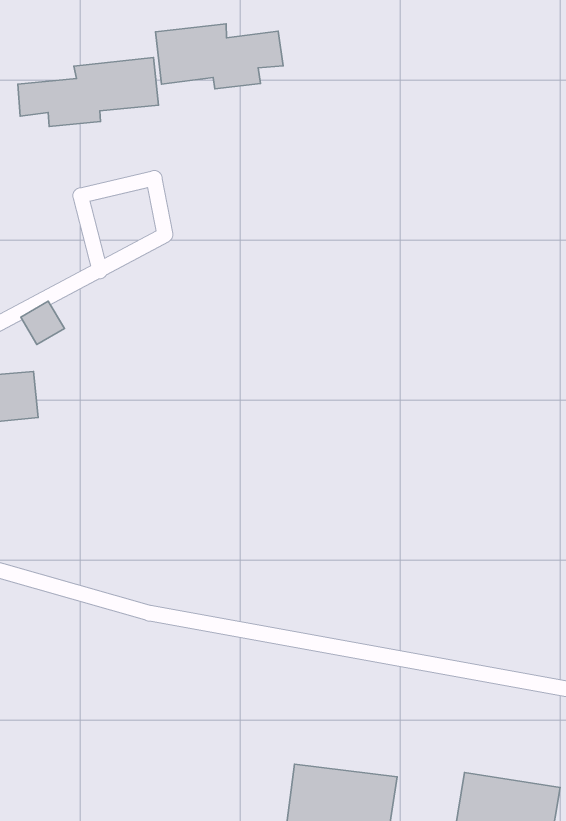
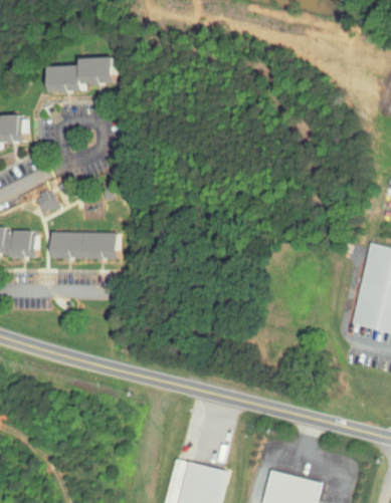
building: [156,24,283,89] -> none
building: none -> [49,232,122,259]

